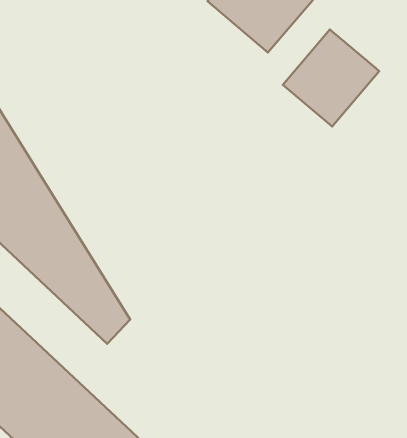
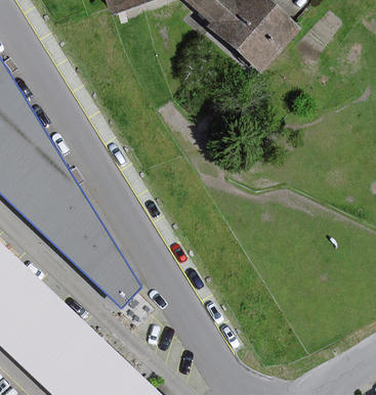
building: [283,29,379,127] -> none

